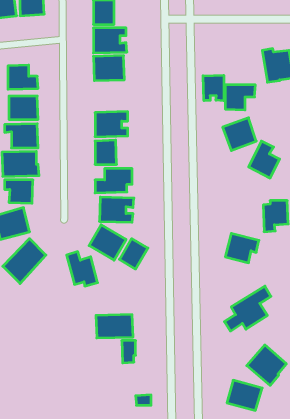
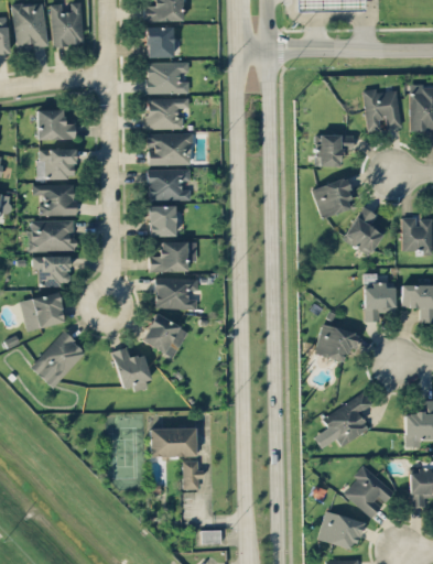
building: [203,75,224,101] -> none
building: none -> [147,133,192,165]
building: [119,239,148,269] -> none

